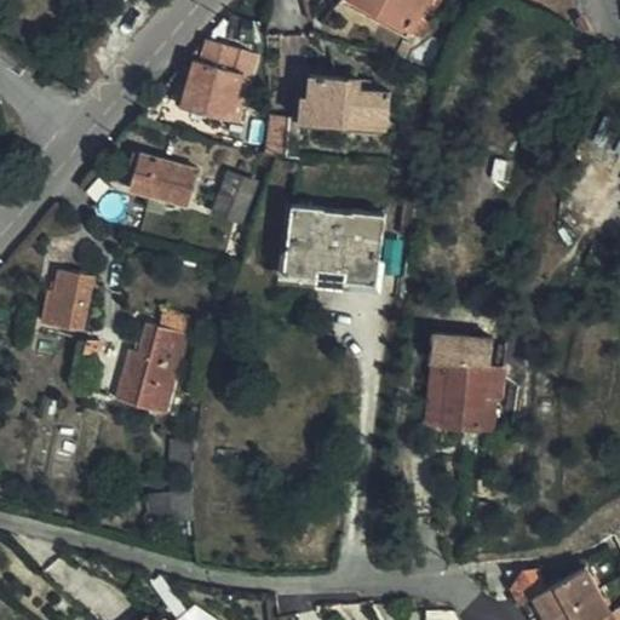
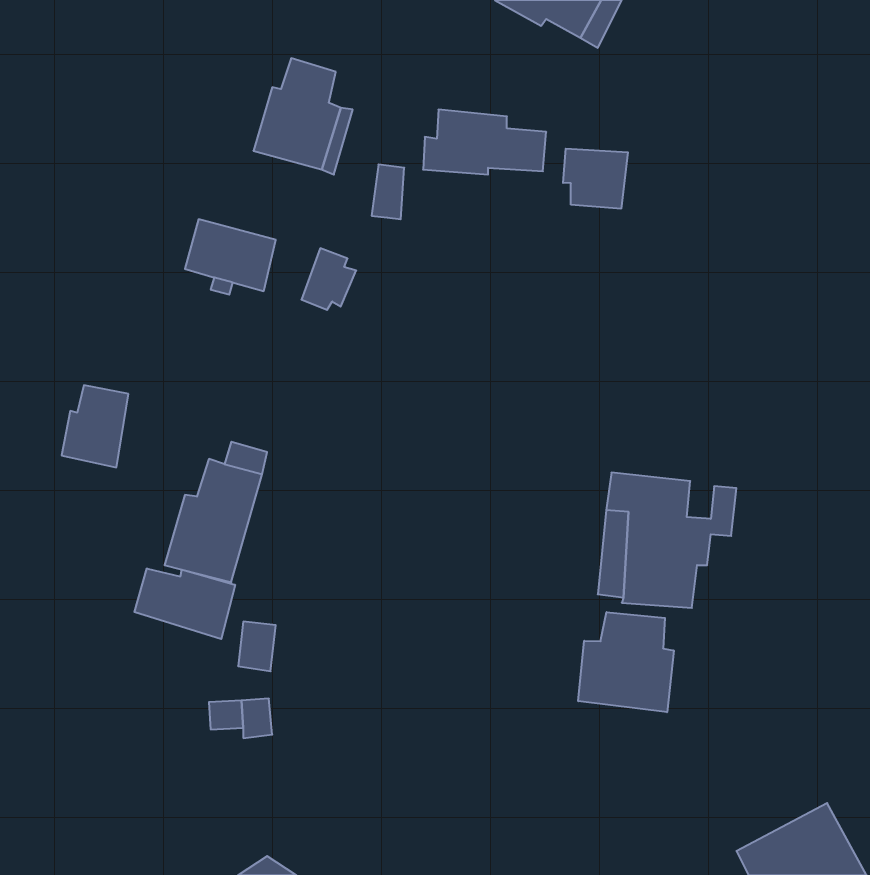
building: none -> [563,149,628,209]
building: [283,205,384,285] -> none
building: none -> [134,568,235,639]
building: none -> [578,612,674,712]

